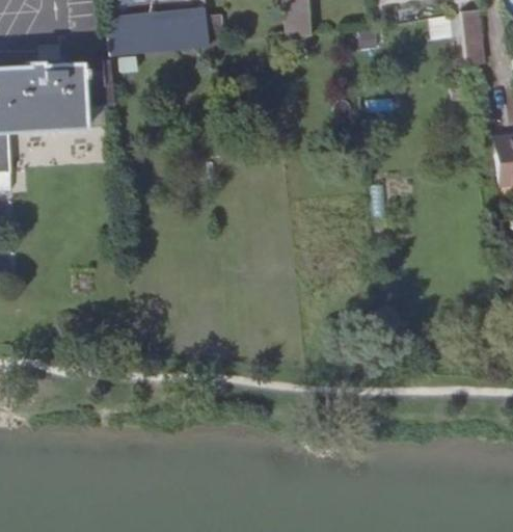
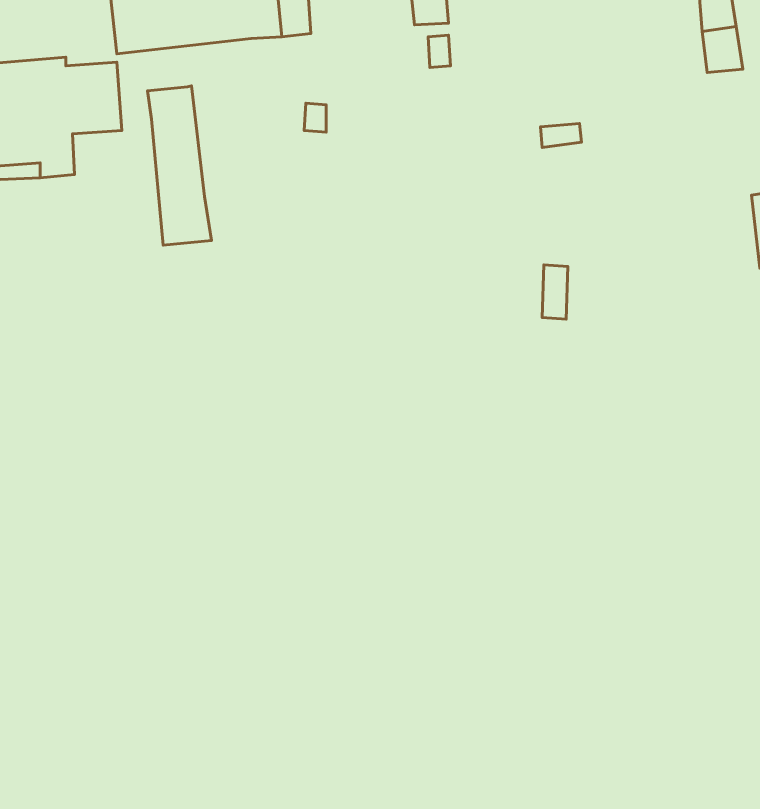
building: none -> [147,86,212,245]

